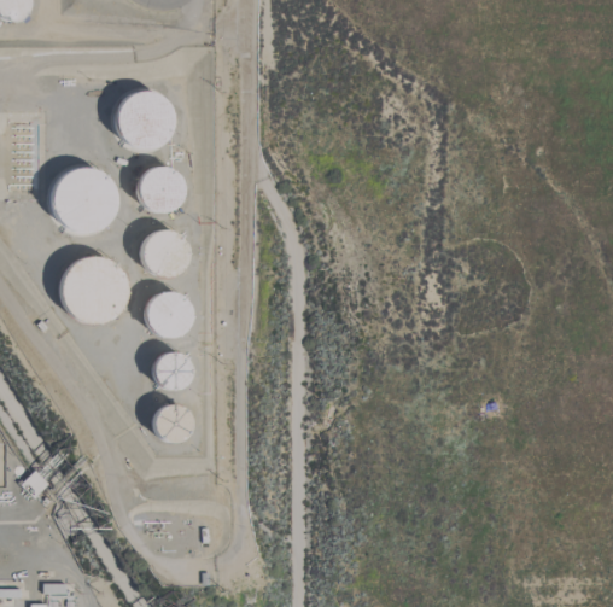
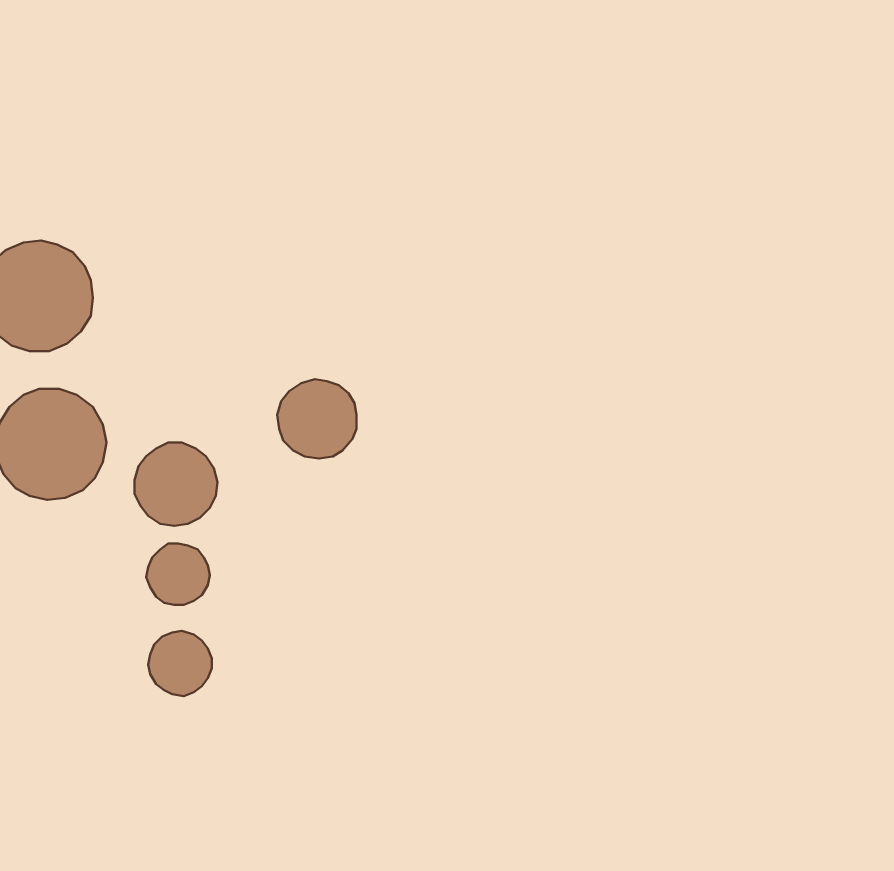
building: [115,89,171,147] -> none
building: [138,164,186,211] -> none
building: [140,229,188,278] -> [277,379,357,458]

